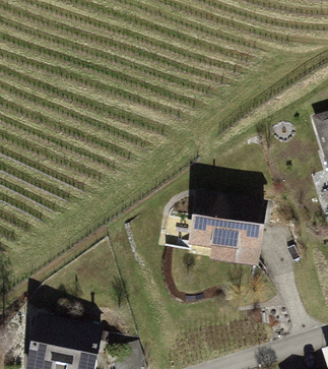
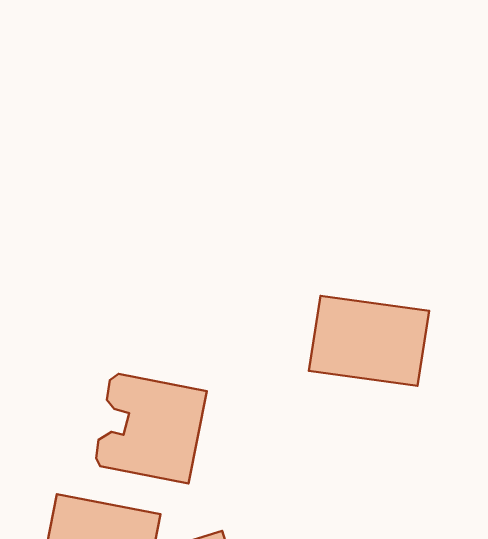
building: none -> [96,374,207,483]

